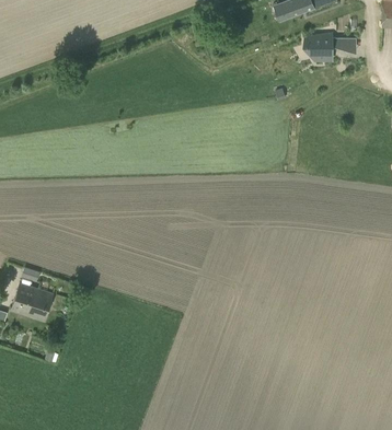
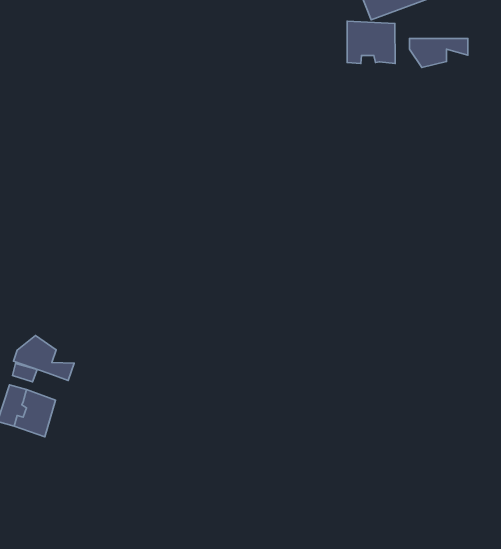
building: none -> [347,21,395,63]
building: none -> [13,335,74,380]

